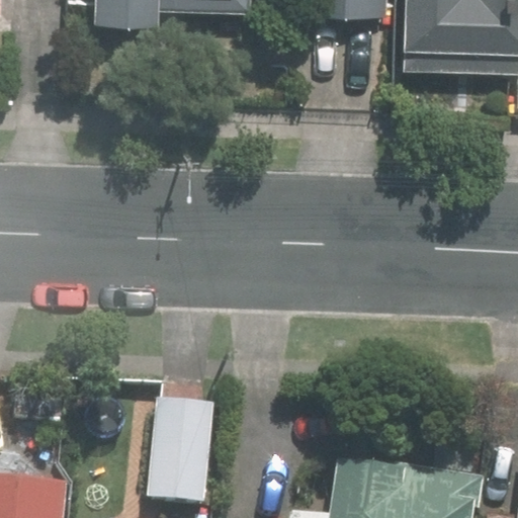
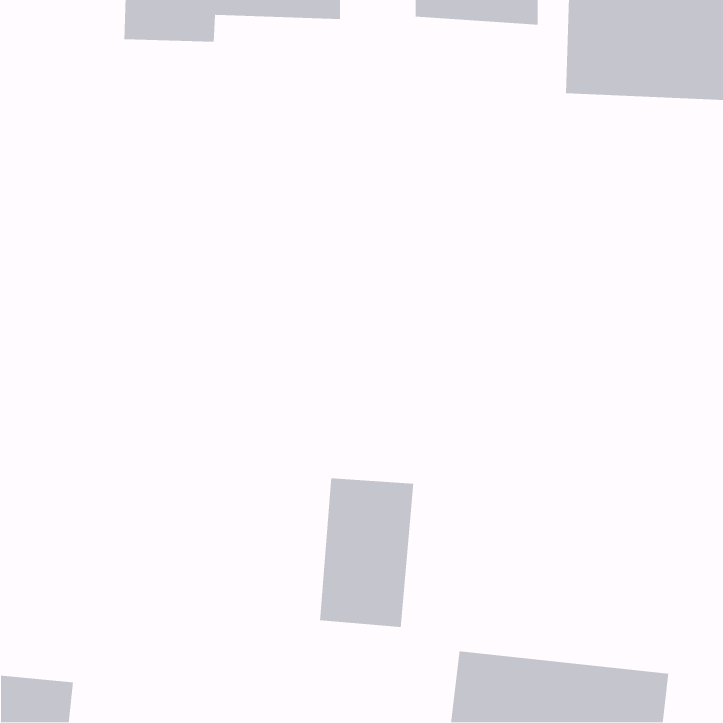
building: [148,395,215,502] -> [319,477,414,628]

